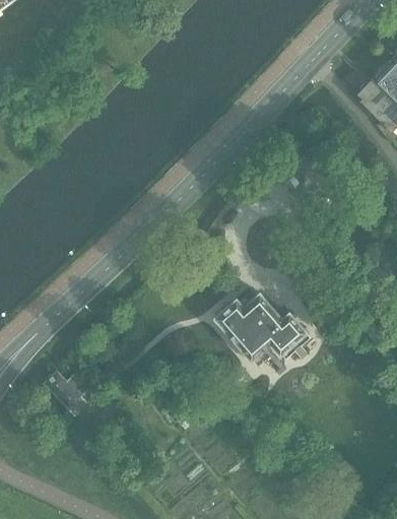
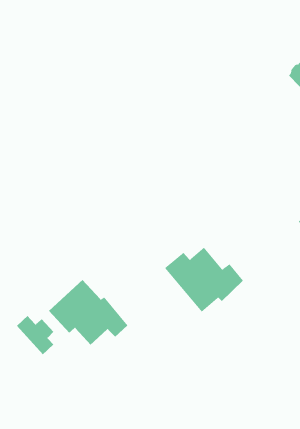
building: none -> [48,279,128,346]

